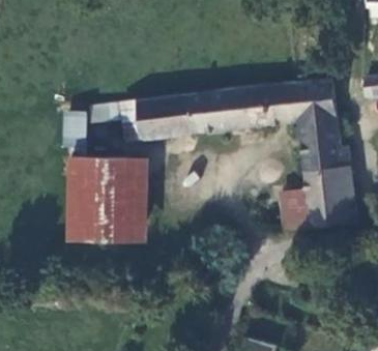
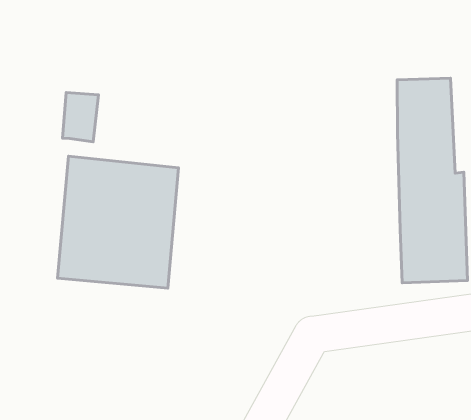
building: [89,84,298,141] -> none
building: [280,188,310,229] -> none

